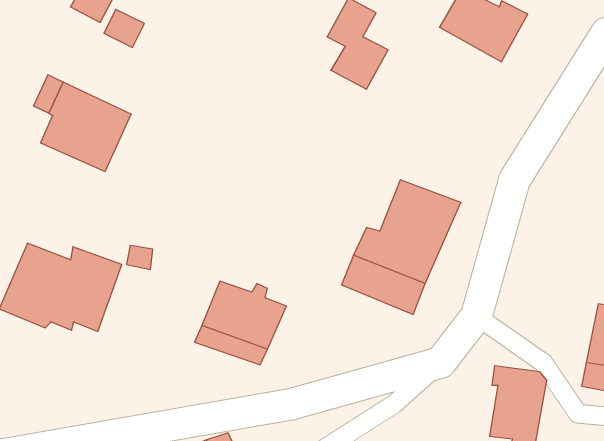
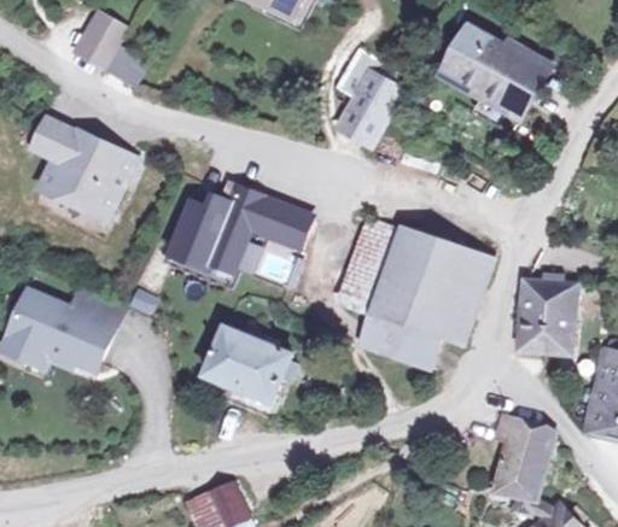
building: none -> [439,68,548,124]
building: none -> [163,168,317,291]
building: none -> [336,211,404,300]
building: none -> [431,247,491,340]
building: none -> [523,279,579,350]

